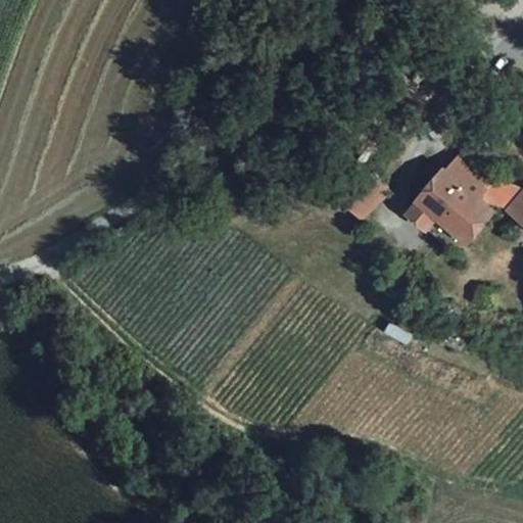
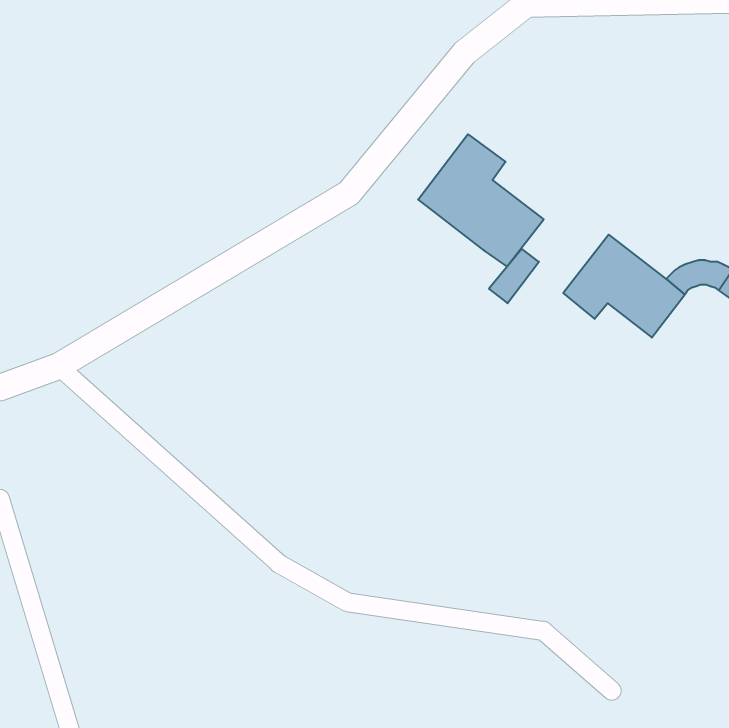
building: none -> [418,134,544,267]
building: [441,152,490,201] -> none

